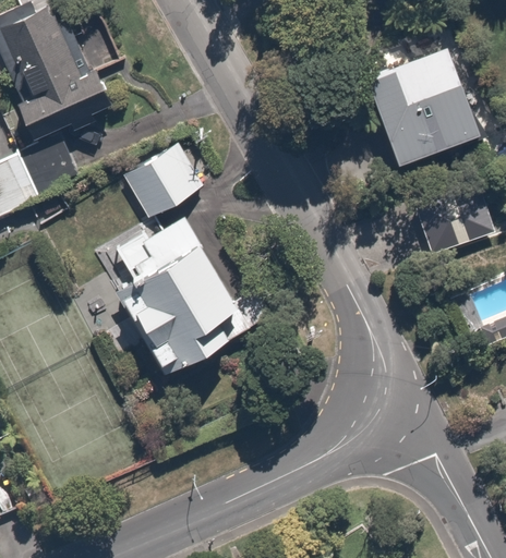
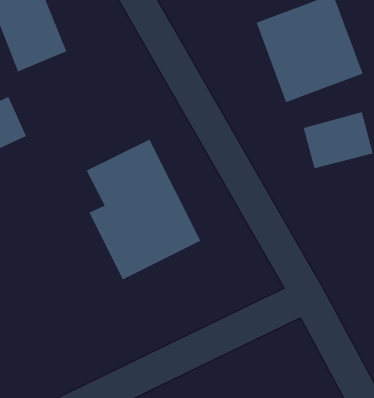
building: [123,146,214,230] -> none

